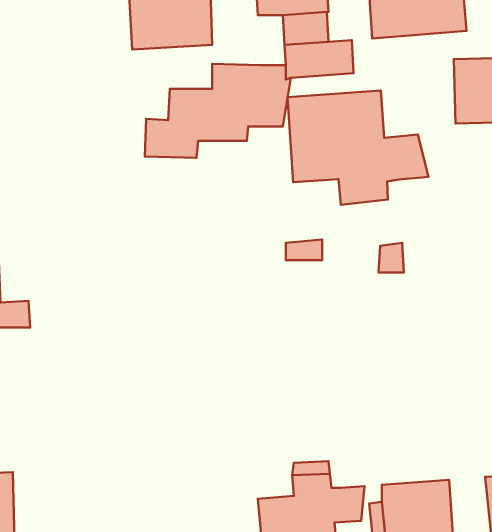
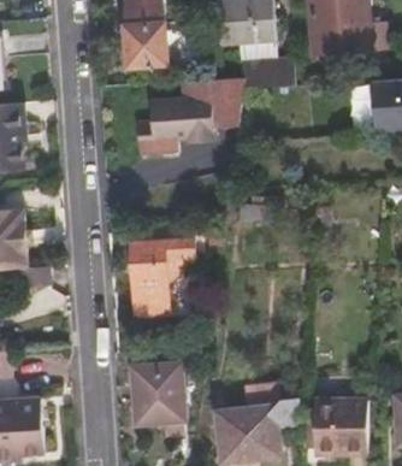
building: [288,90,429,205] -> none
building: none -> [132,238,199,303]
building: none -> [136,361,187,431]

